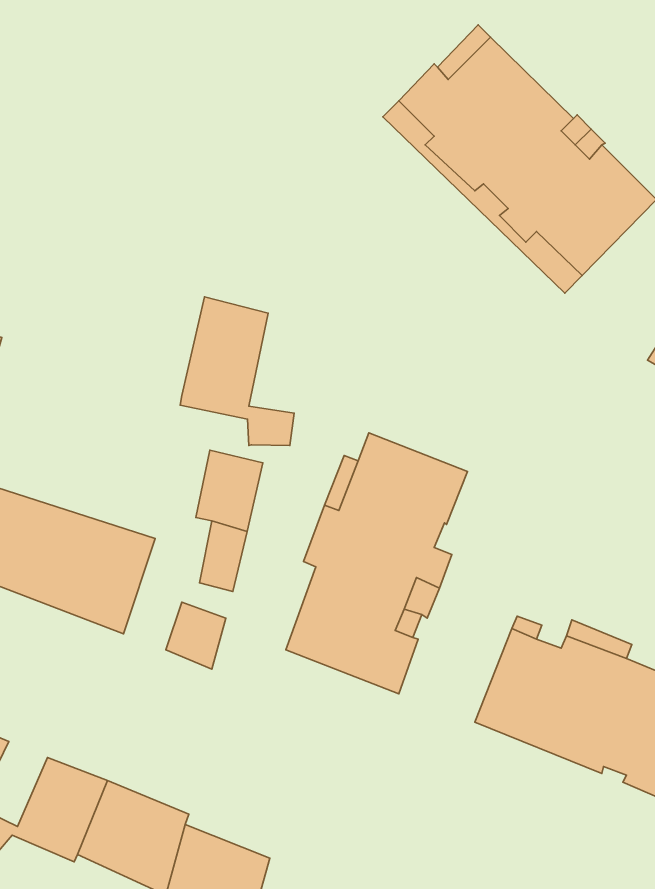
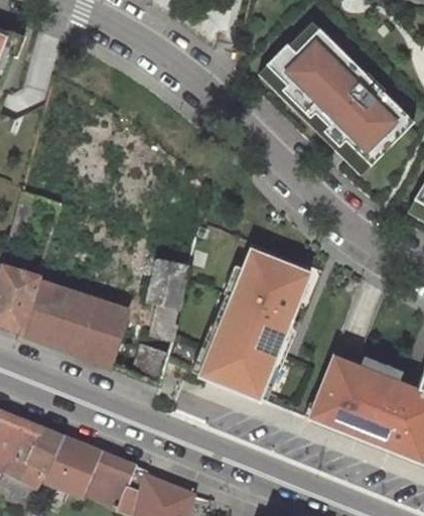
building: [180,297,294,446] -> none

